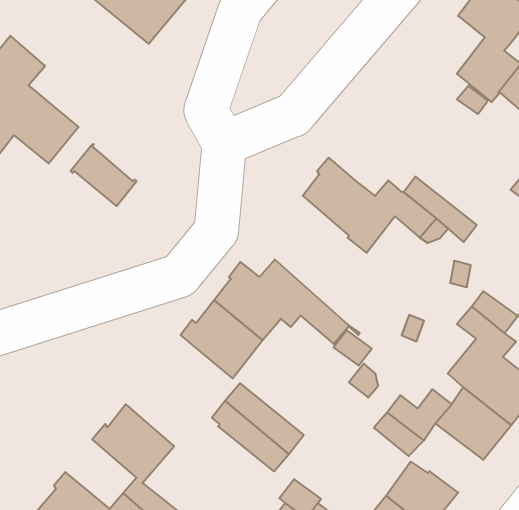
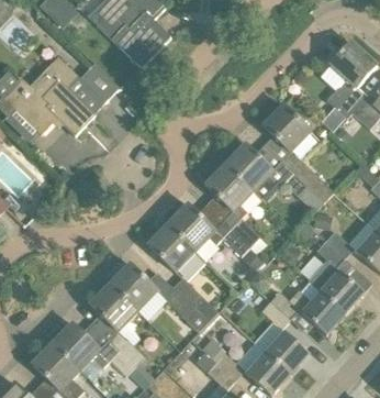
building: none -> [262,103,311,152]
building: [71,144,137,206] -> [78,63,118,101]
building: none -> [204,165,259,245]
building: none -> [111,262,158,311]

